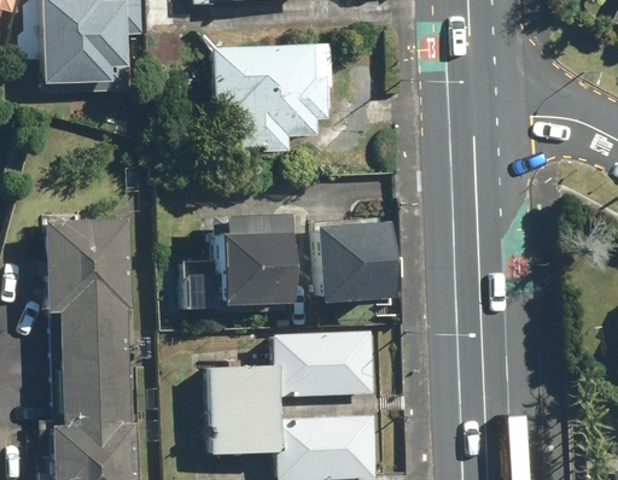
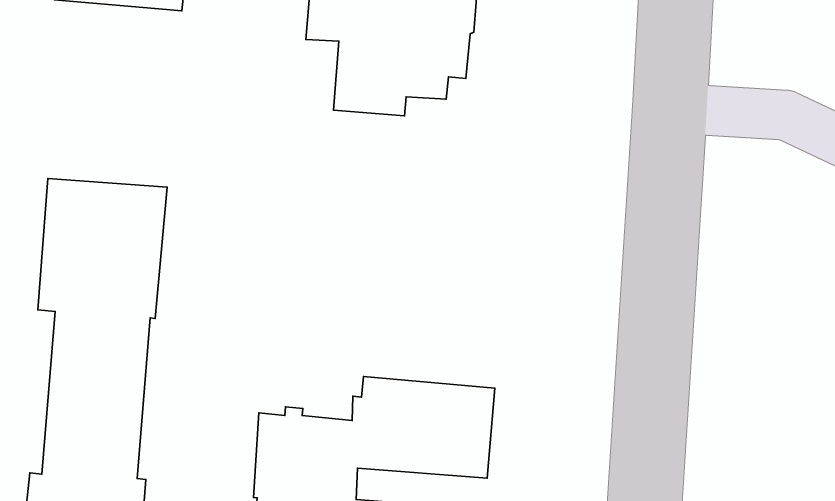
building: [182,207,295,306] -> none
building: [326,221,391,289] -> none

